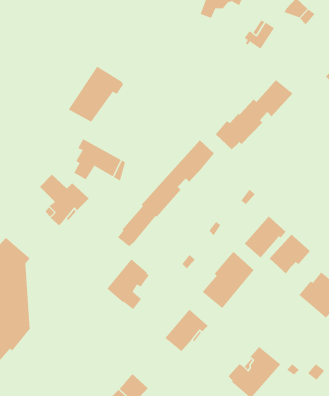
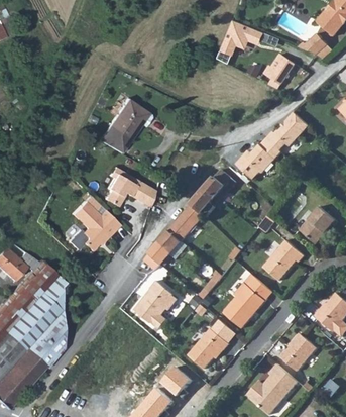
building: [269,234,311,275] -> [299,206,338,244]
building: none -> [280,333,317,372]
building: none -> [162,367,193,397]

